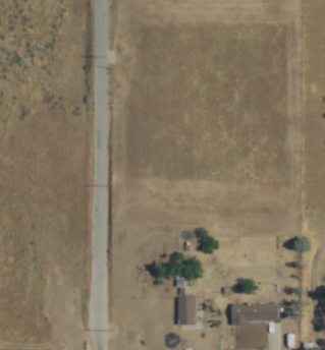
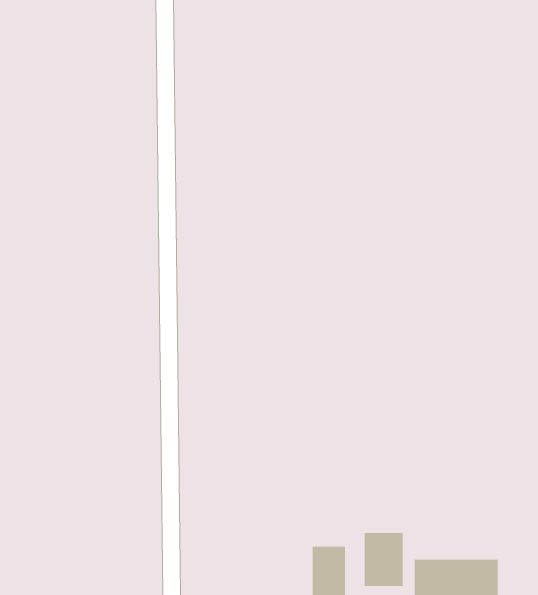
building: none -> [364,532,403,587]

